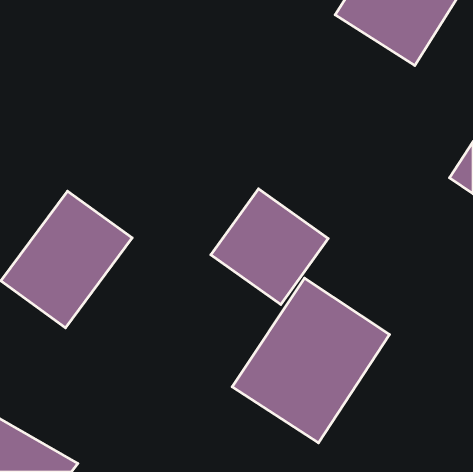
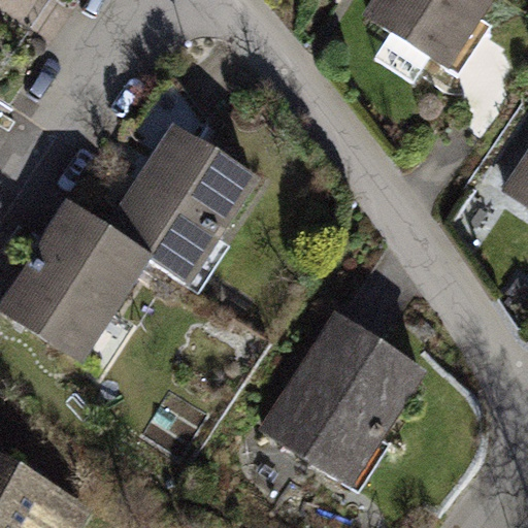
building: none -> [109,134,254,284]
building: [211,189,328,304] -> none

